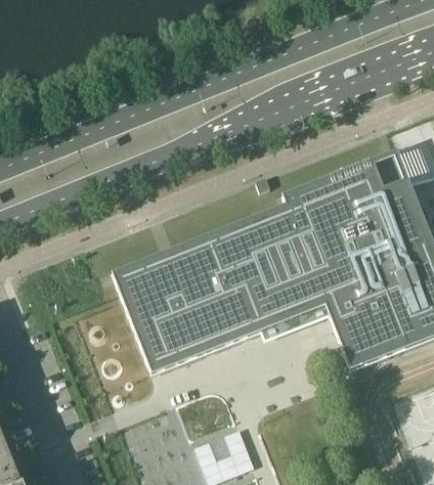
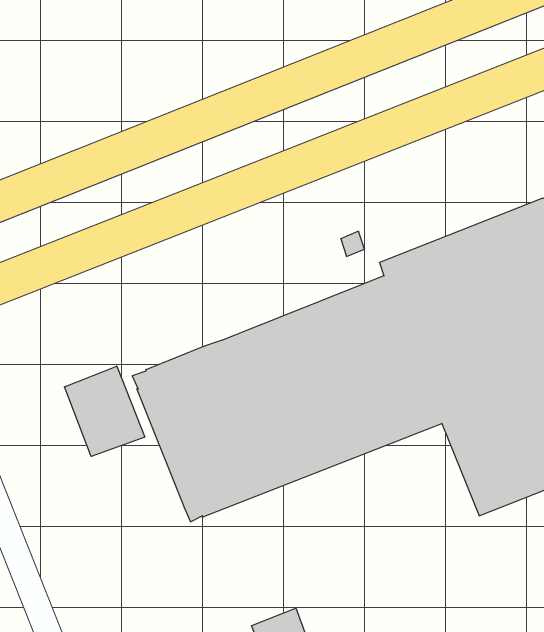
building: none -> [64,366,145,456]

